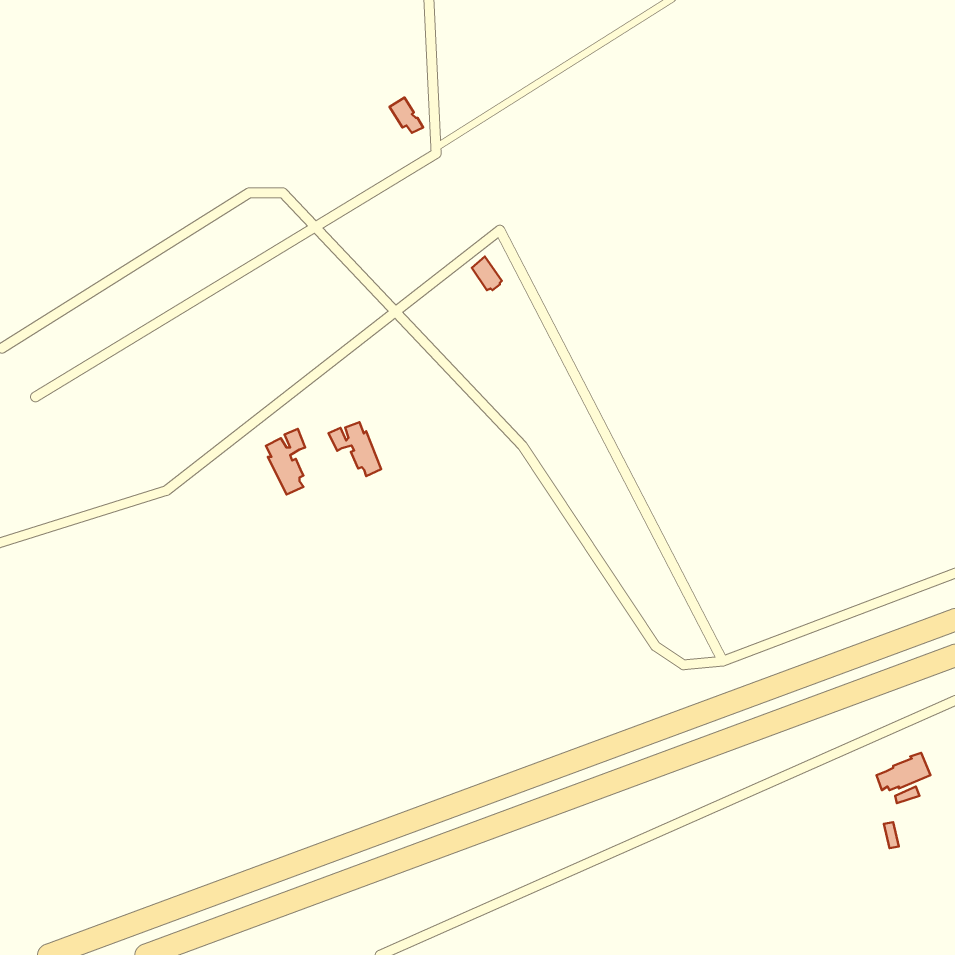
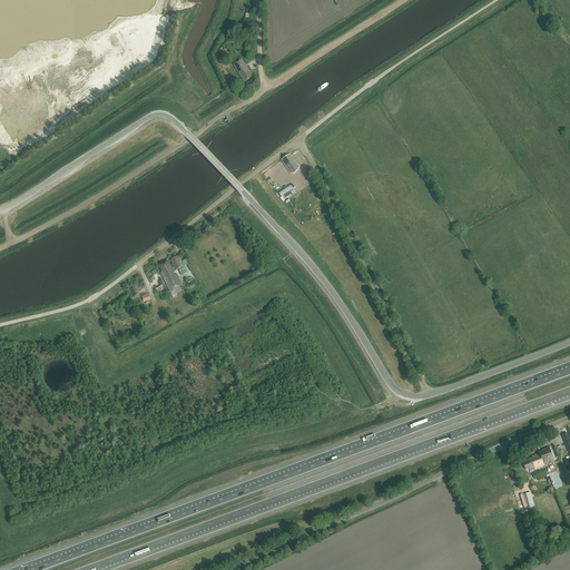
building: [329,422,381,476] -> none

